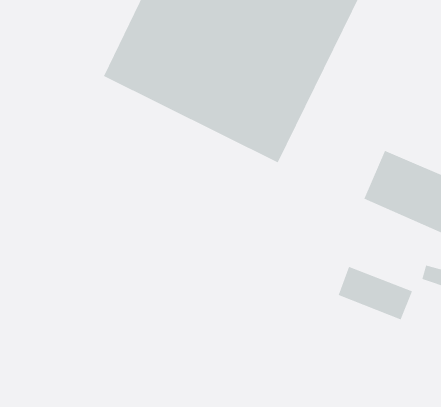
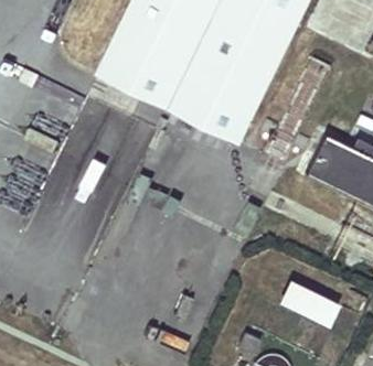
building: [338,266,413,320] -> [278,279,341,324]

